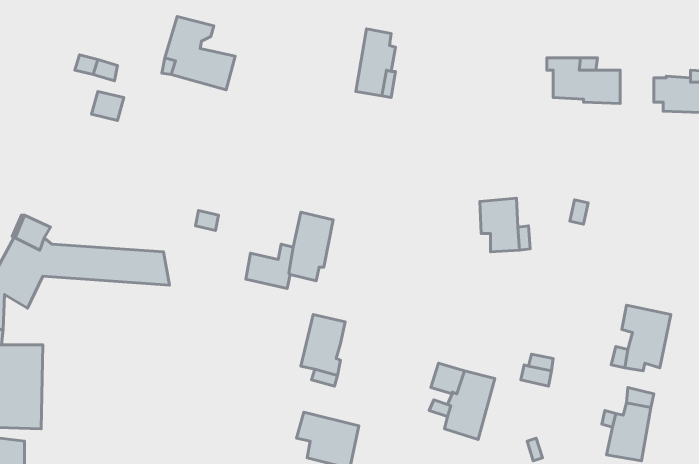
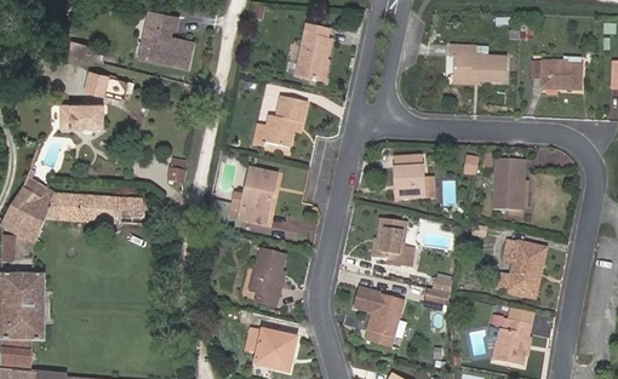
building: none -> [252,94,305,147]
building: none -> [59,102,107,128]
building: none -> [494,160,526,211]
building: none -> [374,219,412,266]

